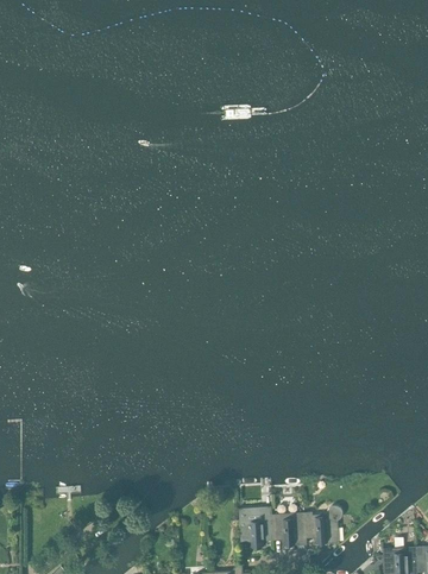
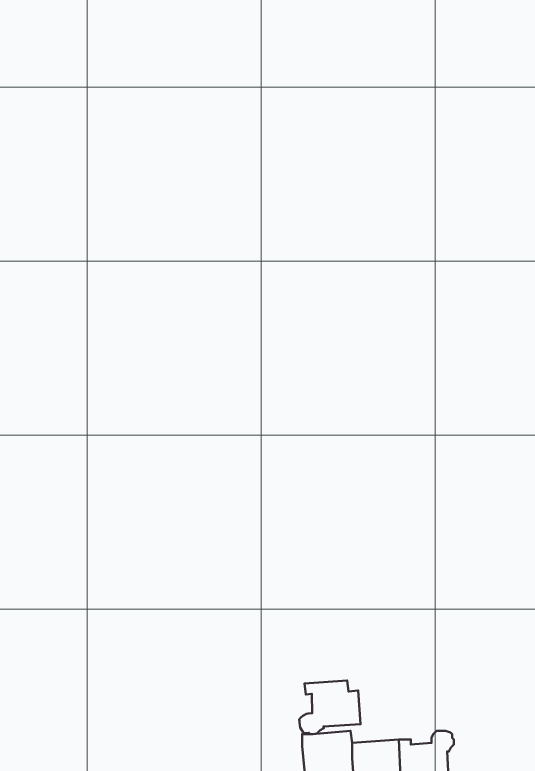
building: none -> [299,680,361,734]

